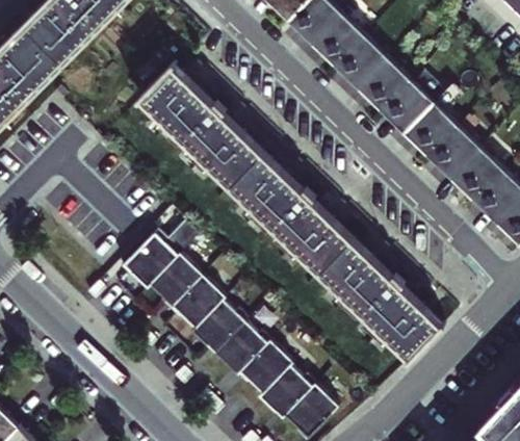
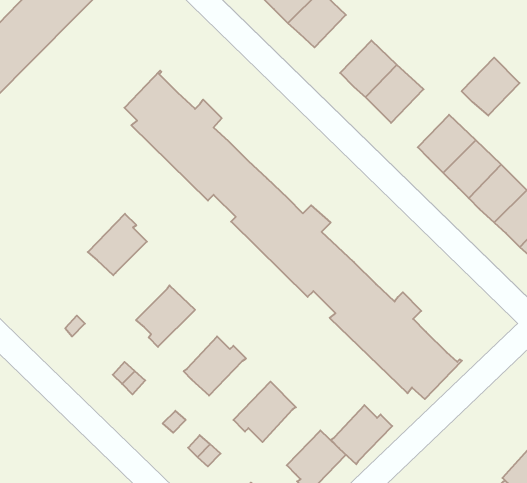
building: [313,15,364,67] -> none
building: [382,81,434,133] -> [462,58,520,116]
building: [128,235,181,290] -> [88,214,147,275]
building: [173,279,229,332] -> none
building: [218,325,274,378] -> none
building: [263,368,318,421] -> [331,405,392,464]

